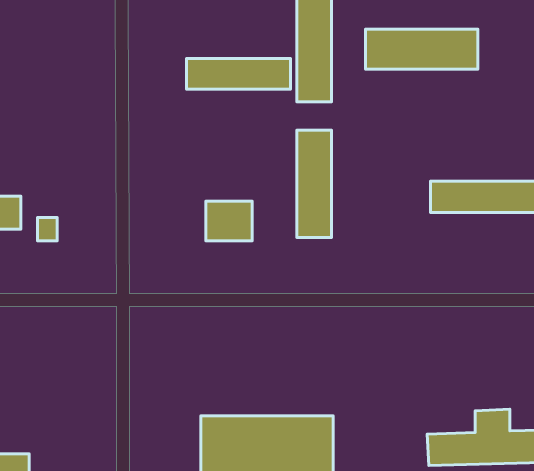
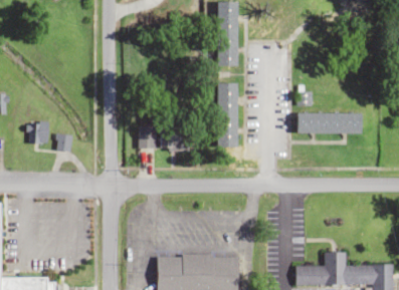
building: [365,29,478,69] -> none
building: [186,59,291,89] -> none
building: none -> [139,123,156,148]

